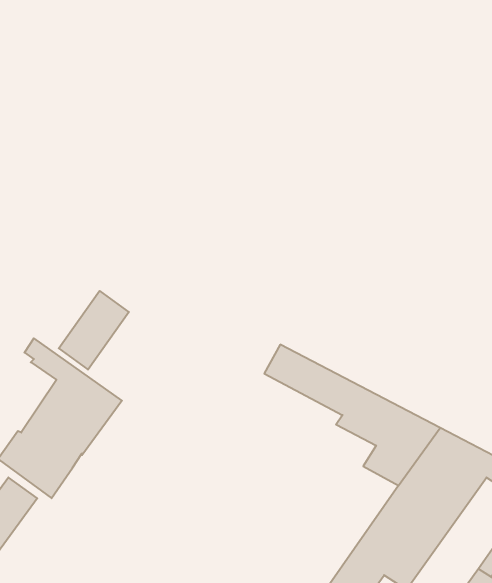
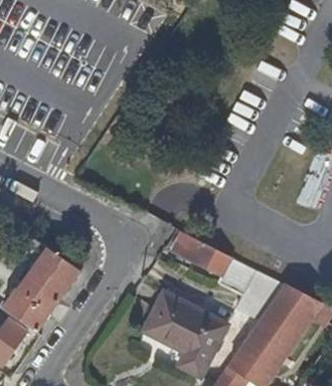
building: [59,291,129,370] -> none
building: none -> [144,295,225,380]

